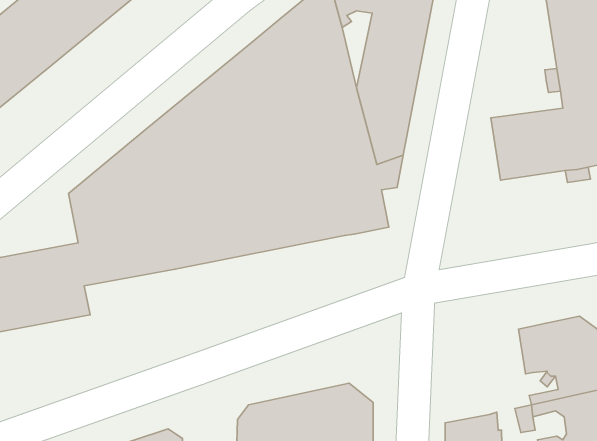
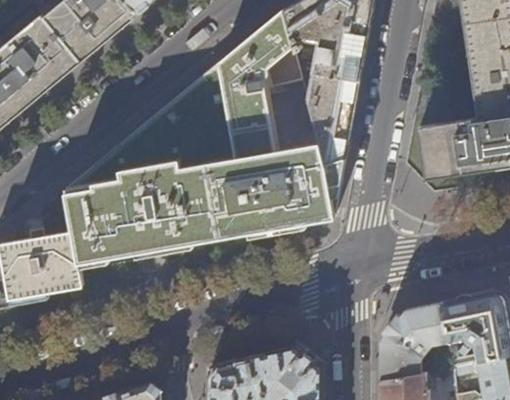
building: none -> [379,303,446,381]

